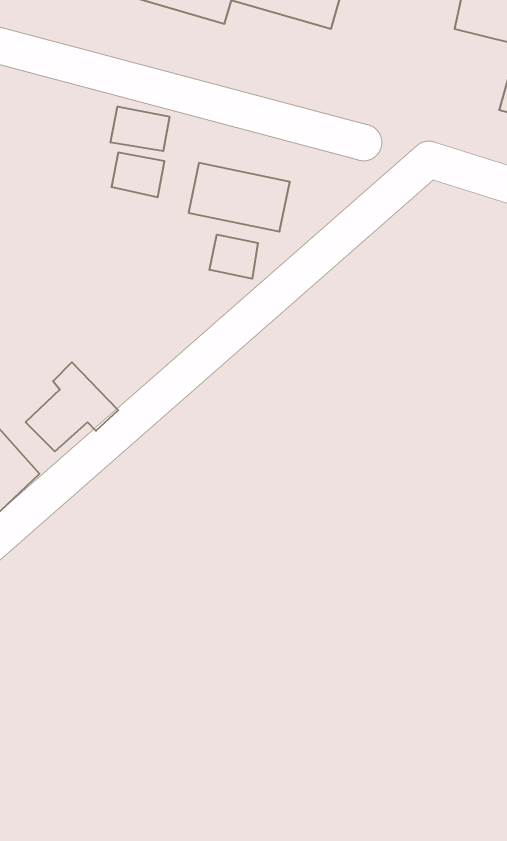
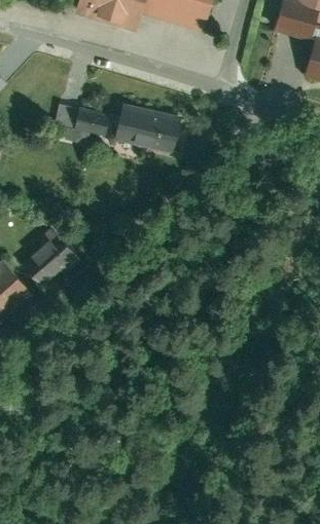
building: [111,106,169,151] -> none
building: [209,235,258,279] -> none

